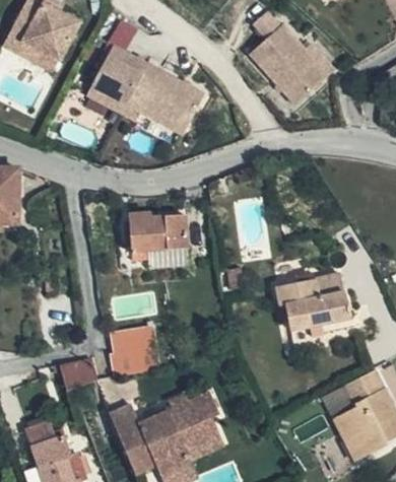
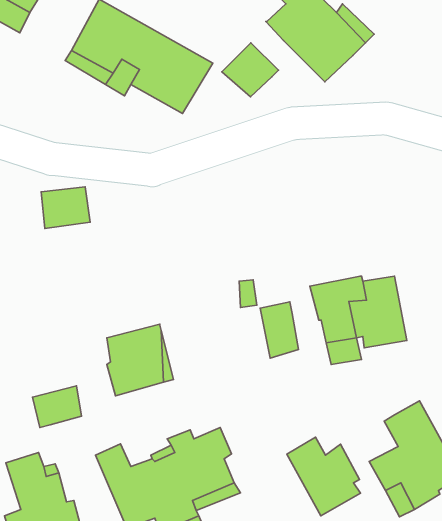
building: none -> [222,43,278,97]
building: [134,219,174,253] -> [41,187,90,229]
building: none -> [260,302,299,358]
building: none -> [287,437,360,516]

